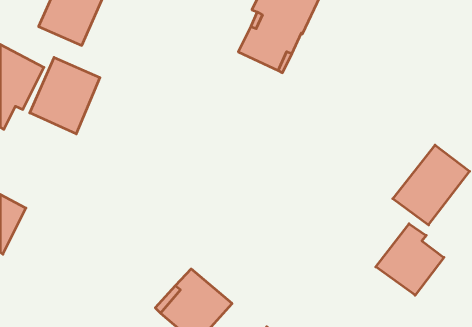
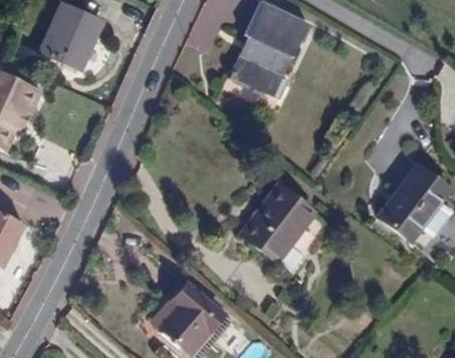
building: [30,57,100,134] -> none
building: none -> [241,186,314,263]
building: [376,224,444,295] -> none

